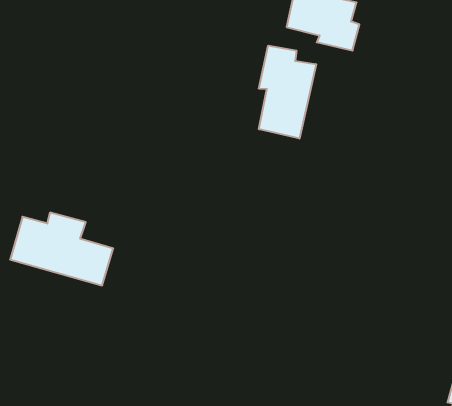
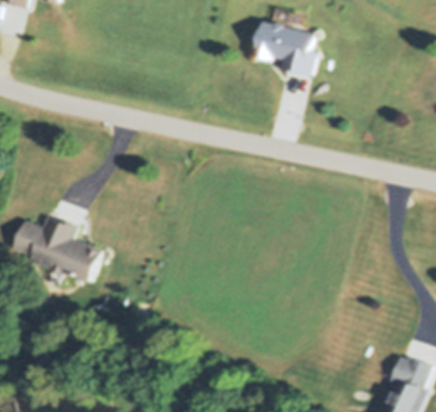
building: [259,46,316,139] -> none

